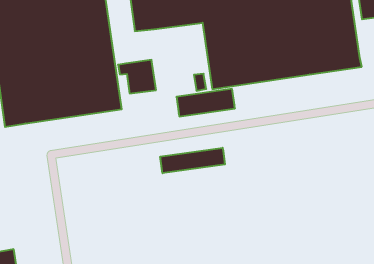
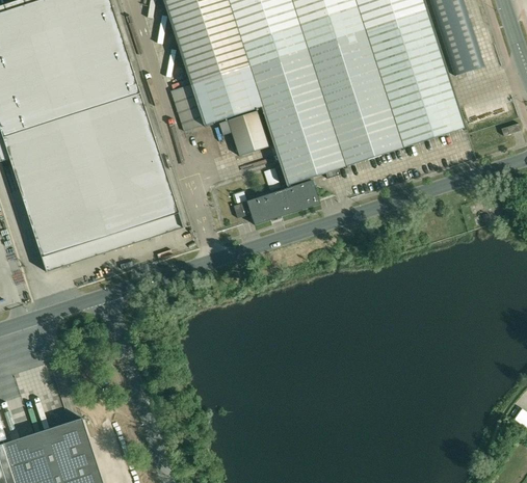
building: [118,60,156,93] -> [217,110,268,155]
building: [160,148,225,173] -> none

